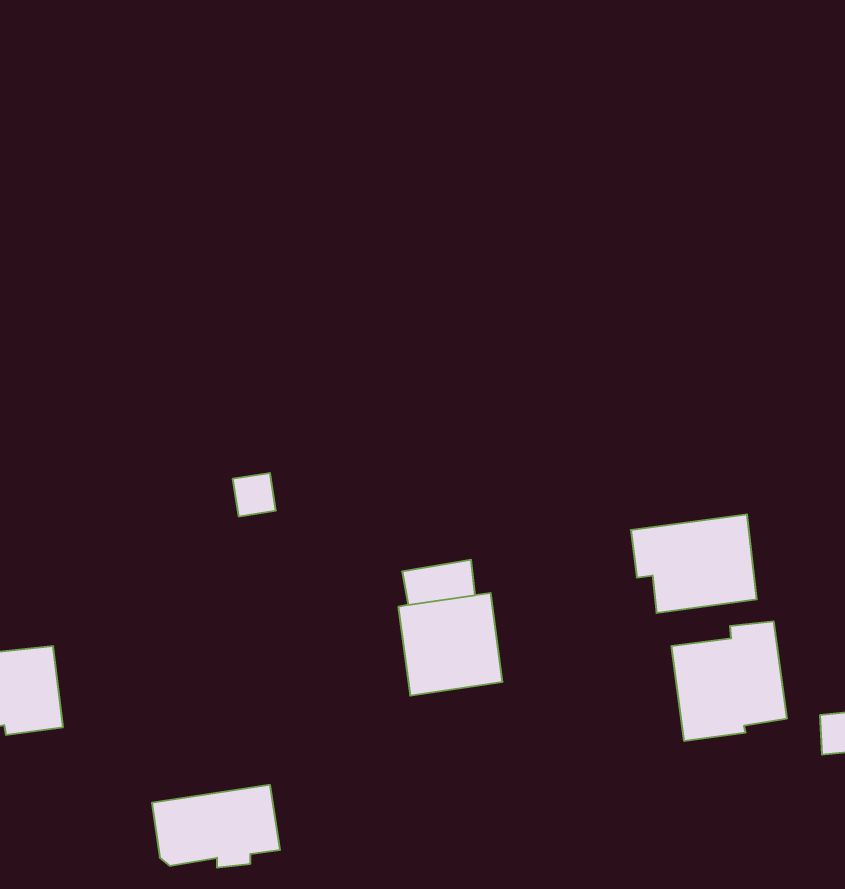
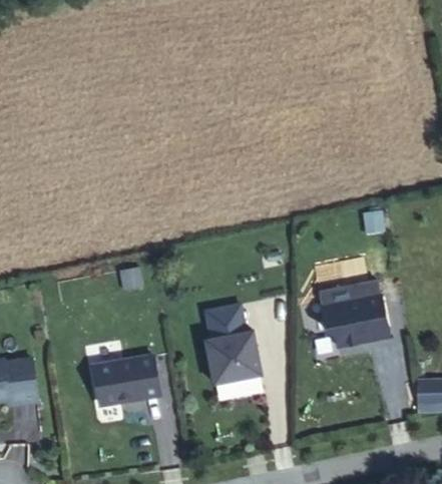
building: [672,621,787,741] -> none
building: [152,785,280,868] -> [92,357,157,399]

